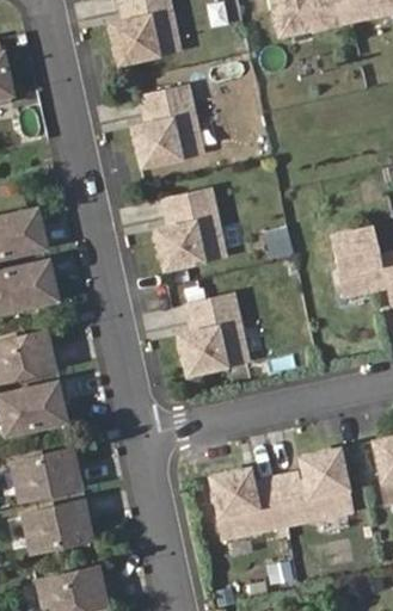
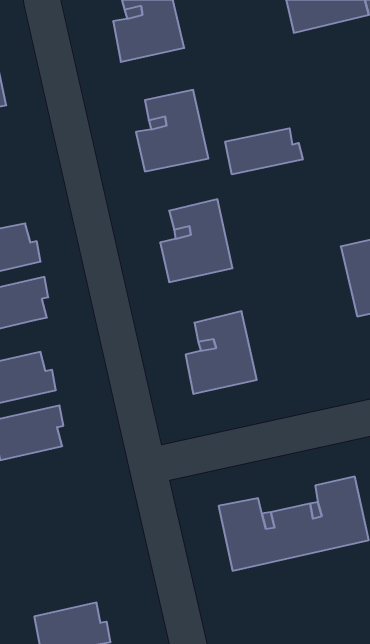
building: none -> [225,128,303,174]
building: [13,451,86,501] -> none
building: [25,501,93,553] -> none

